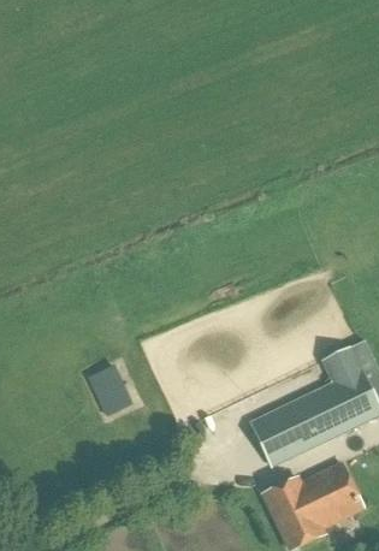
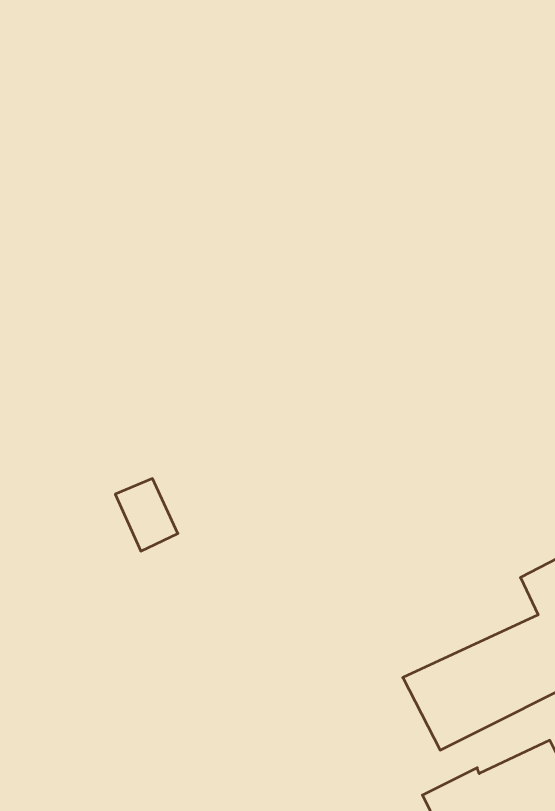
building: [91,368,130,413] -> [115,479,178,551]

